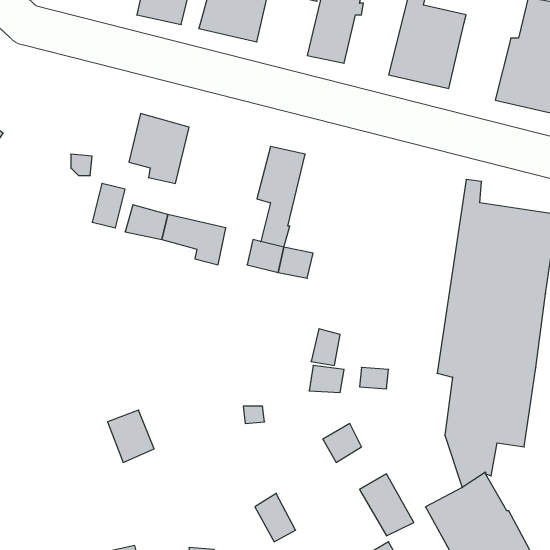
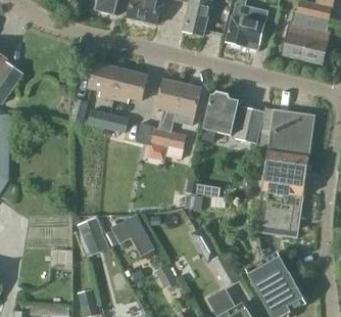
building: none -> [113,69,147,102]
building: none -> [173,83,200,125]
building: none -> [200,91,239,141]
building: none -> [235,106,262,143]
building: none -> [111,214,154,256]

